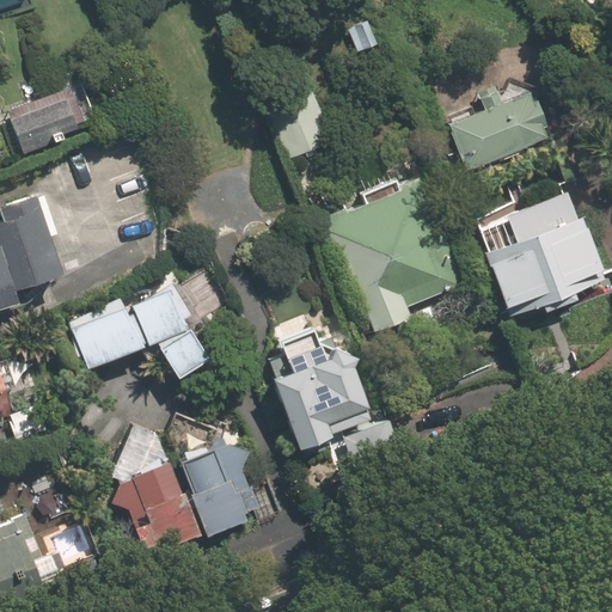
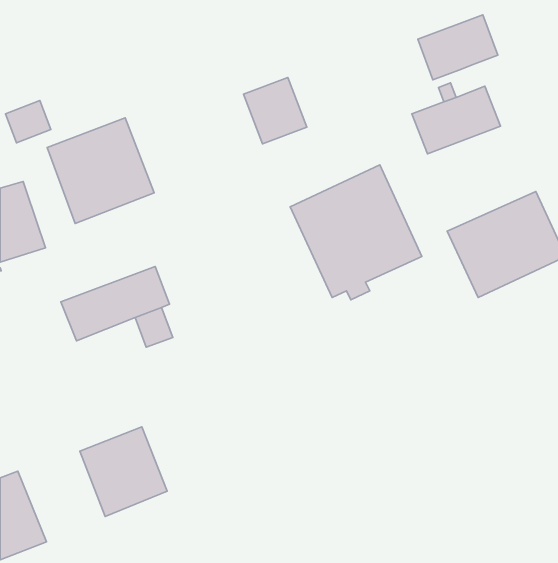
building: none -> [418,15,498,80]
building: none -> [47,118,154,224]
building: [265,335,361,448] -> none
building: [161,441,246,536] -> none

